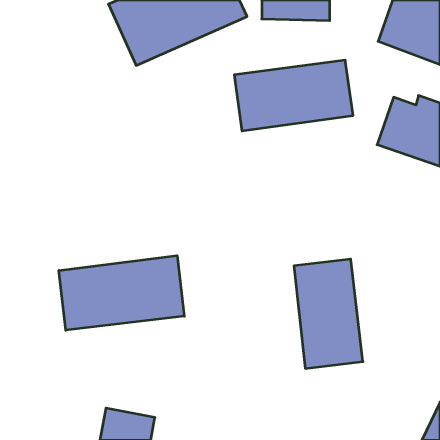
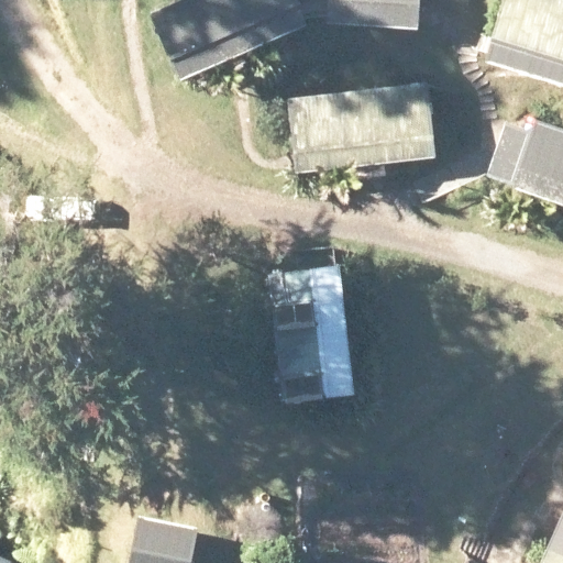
building: [59,256,184,330] -> none
building: [294,259,363,368] -> [267,266,355,406]

